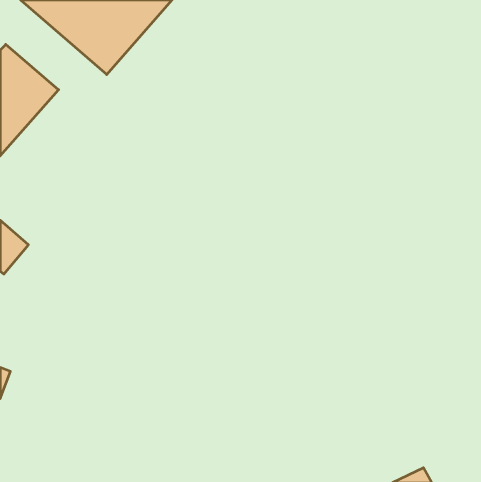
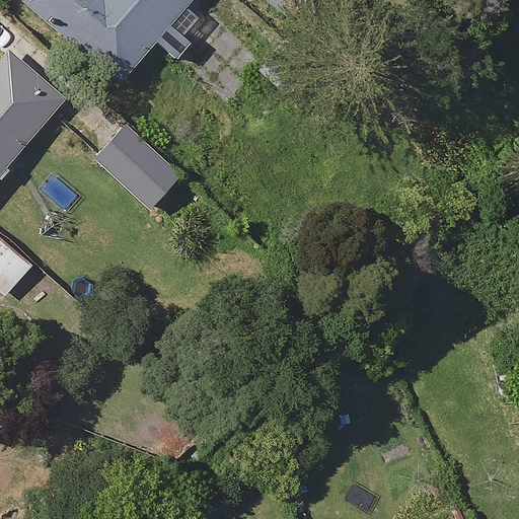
building: none -> [92,123,179,207]

